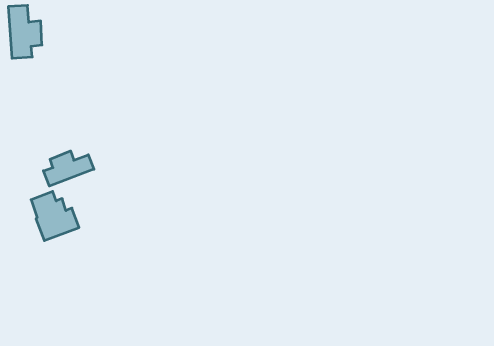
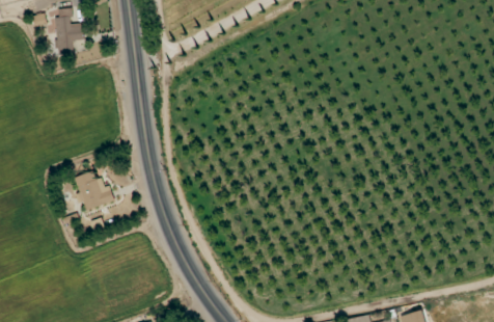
building: [43,151,94,186] -> none

